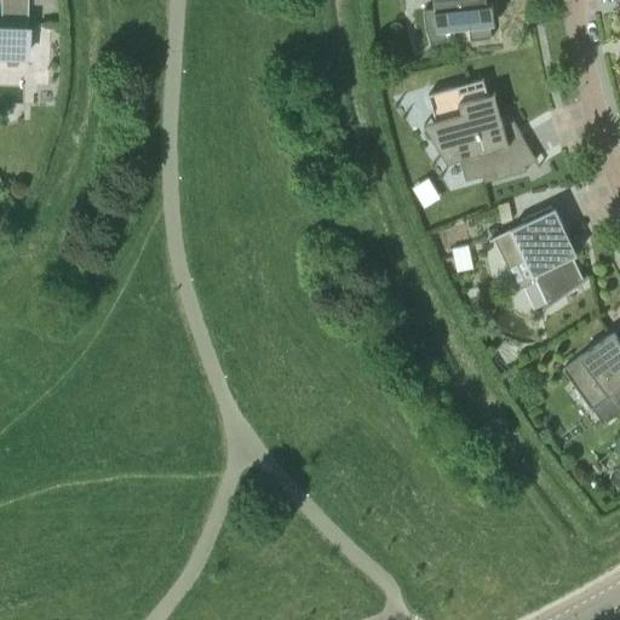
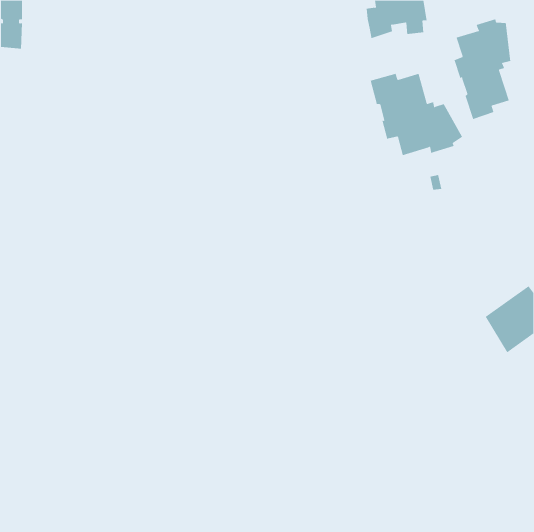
building: none -> [454,19,511,120]
building: [489,206,589,310] -> none

